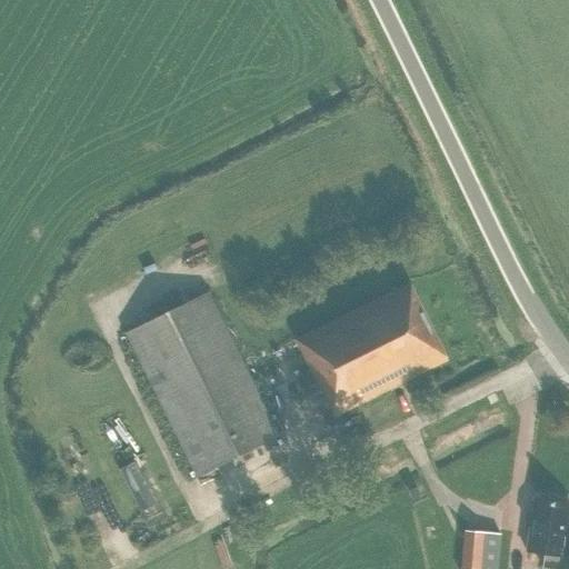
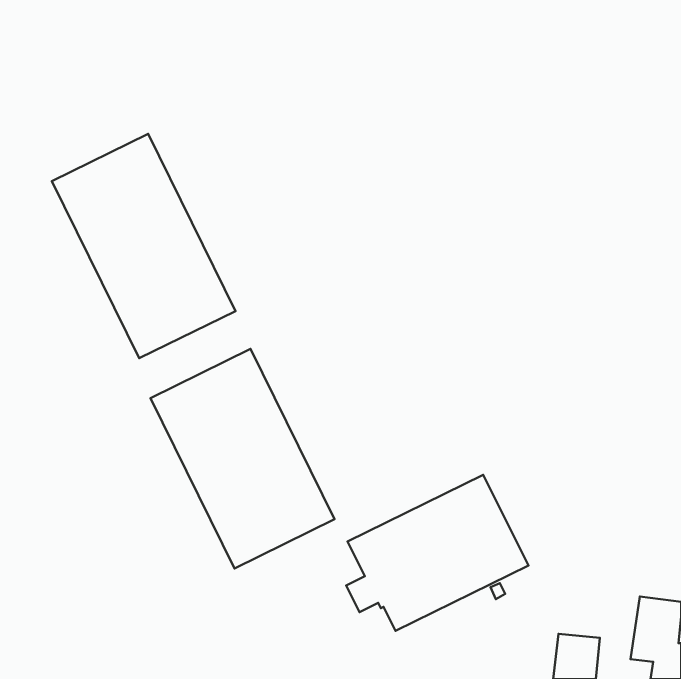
building: none -> [52,134,235,358]
building: [295,283,447,413] -> [346,475,529,631]

